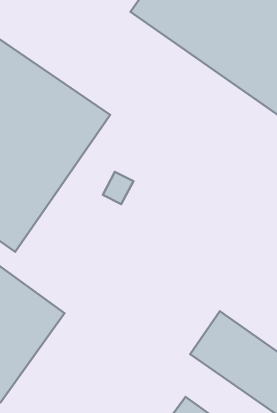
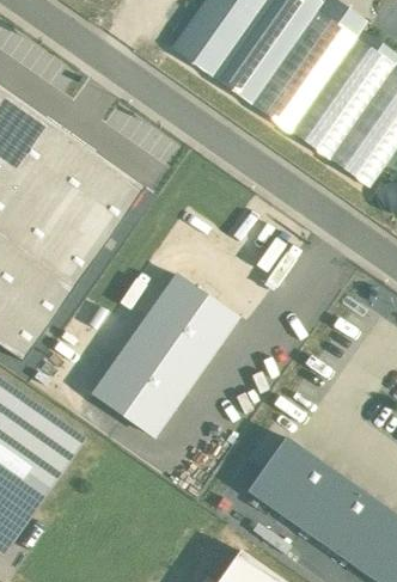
building: none -> [93,276,236,436]

